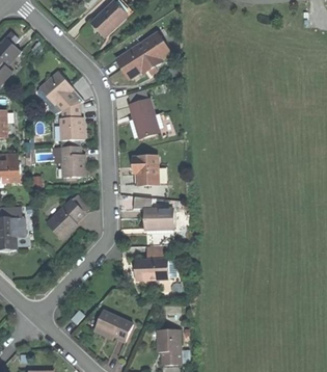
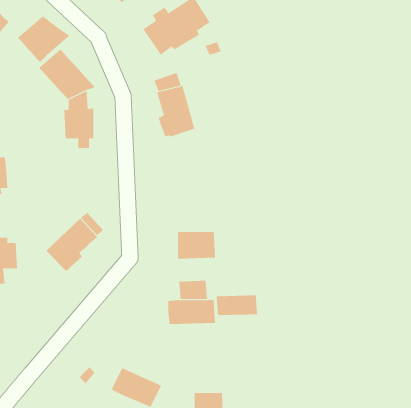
building: none -> [17,15,70,63]
building: [54,147,84,177] -> none
building: [133,156,167,185] -> none
building: none -> [216,295,258,316]

